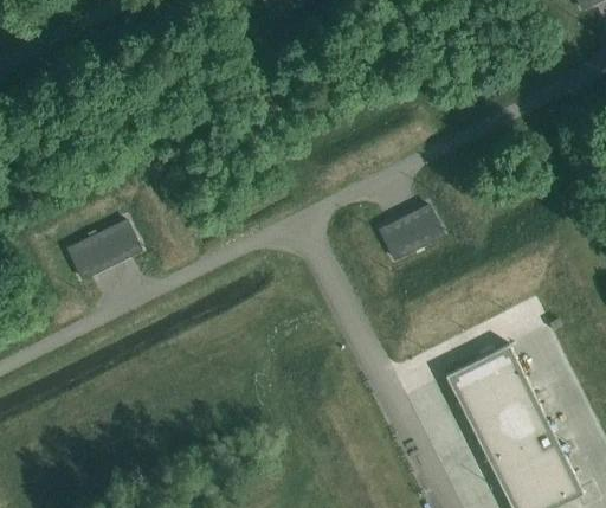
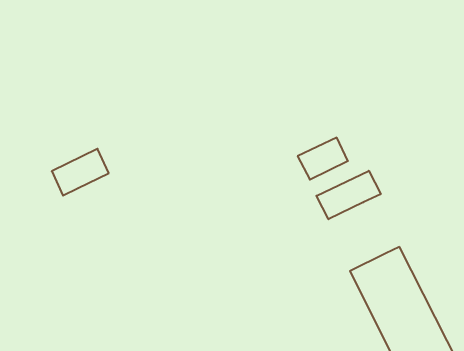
building: none -> [316,171,381,219]

